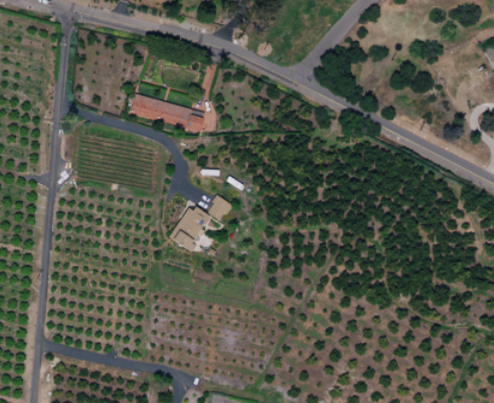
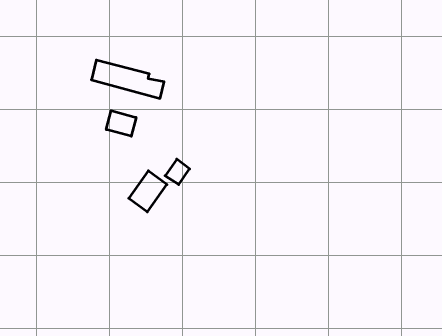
building: none -> [106,111,136,136]

